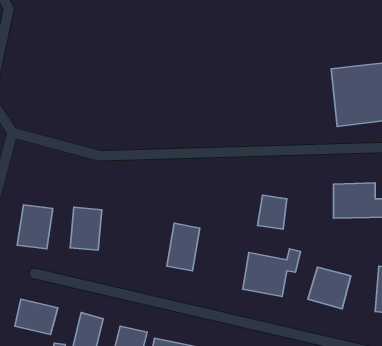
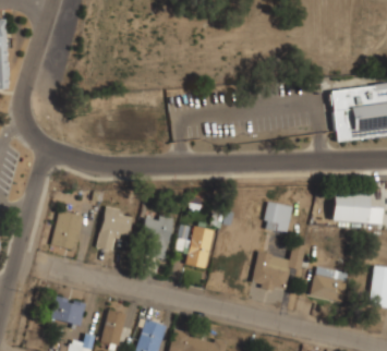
building: none -> [144,217,169,256]

